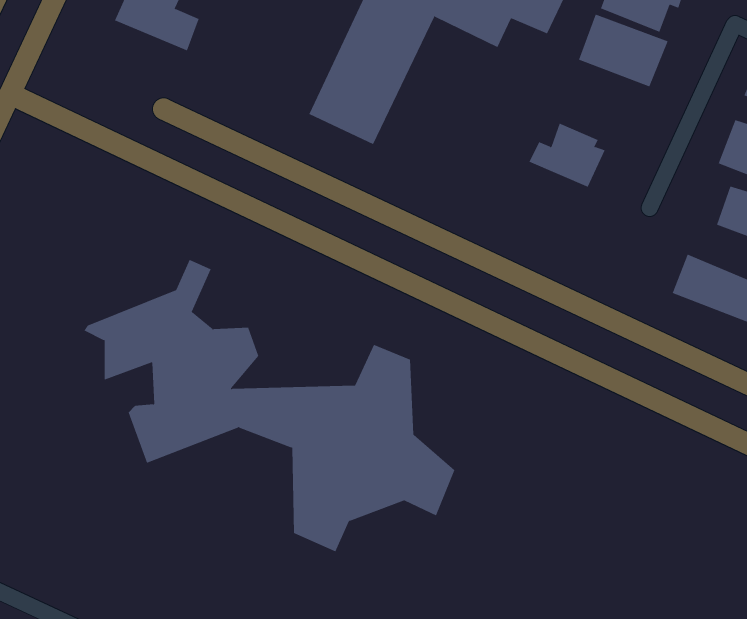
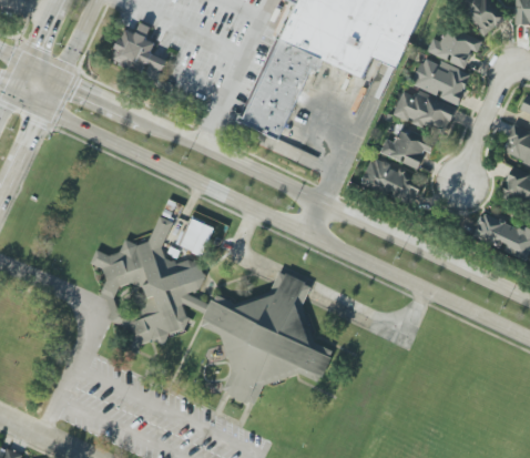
building: none -> [394,91,457,135]
building: none -> [361,159,425,205]
building: none -> [179,218,215,256]

